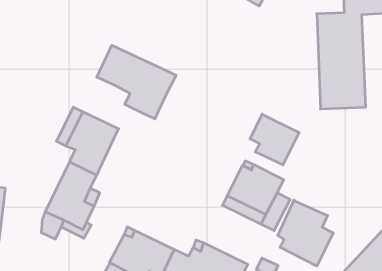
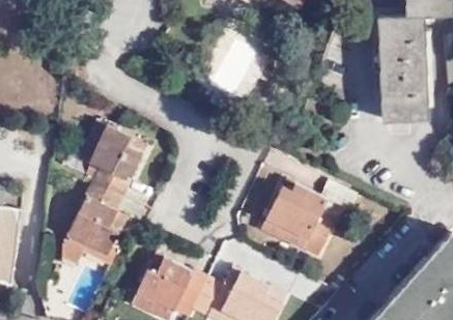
building: [97,45,176,119] -> none
building: [250,114,299,165] -> none
building: [278,200,333,266] -> none

